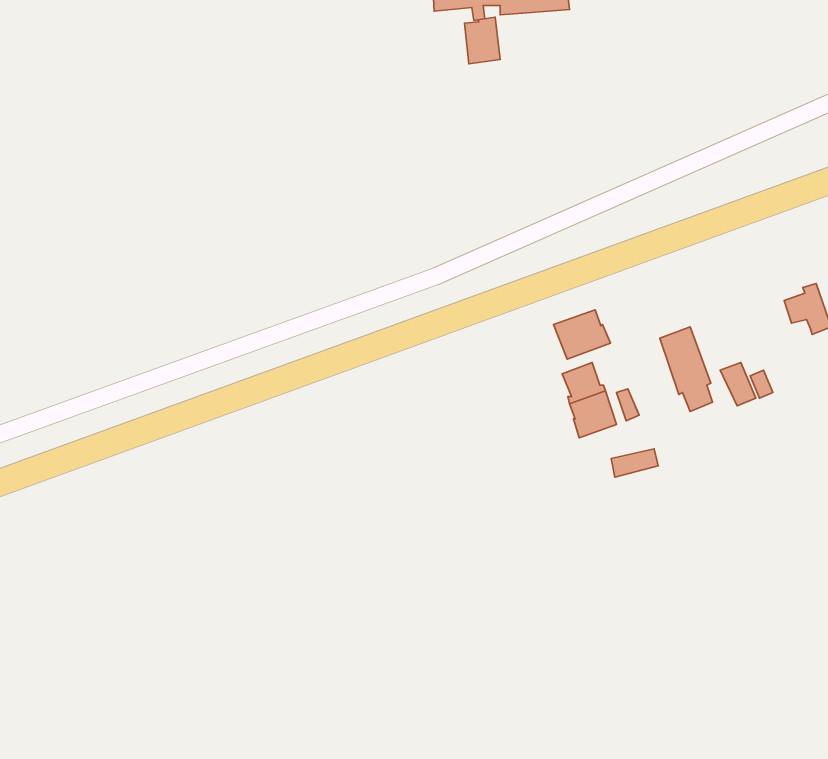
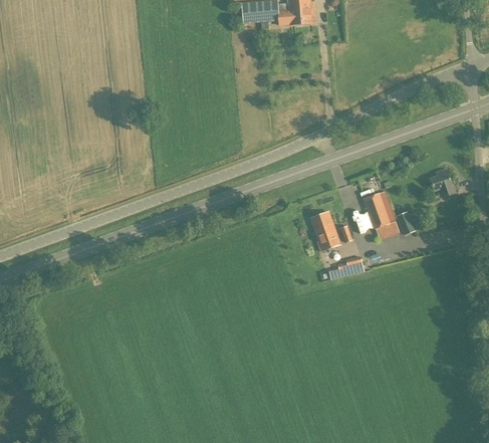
building: [465,17,500,64] -> none
building: [554,310,610,359] -> none

